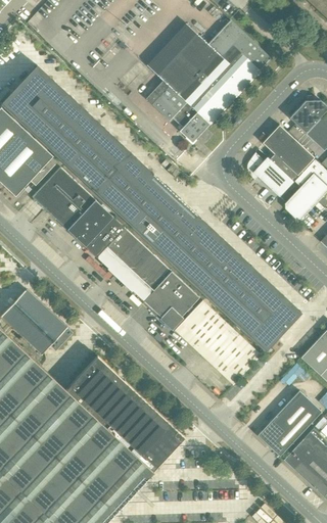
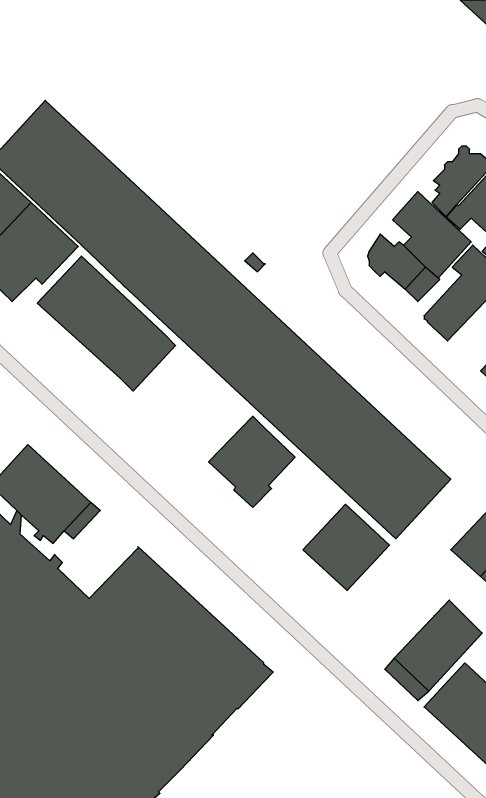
building: [146,19,271,142] -> none
building: [94,225,169,298] -> none
building: [175,300,232,358] -> none

